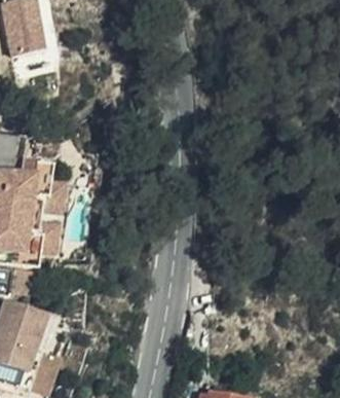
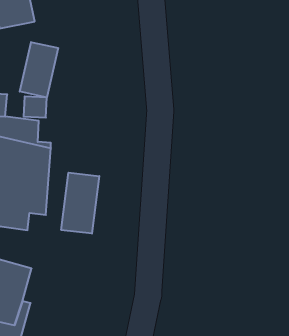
building: none -> [20,42,58,97]
building: none -> [61,173,99,234]

